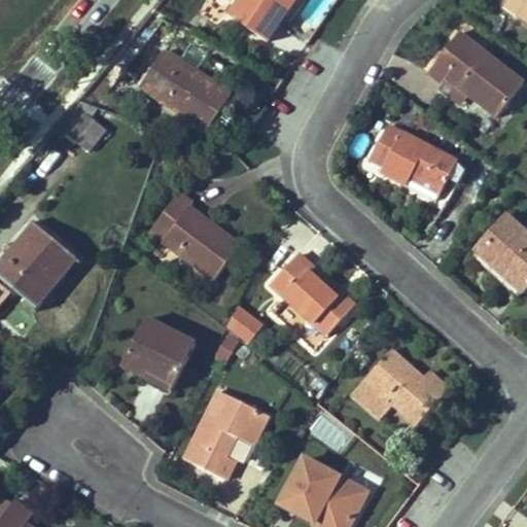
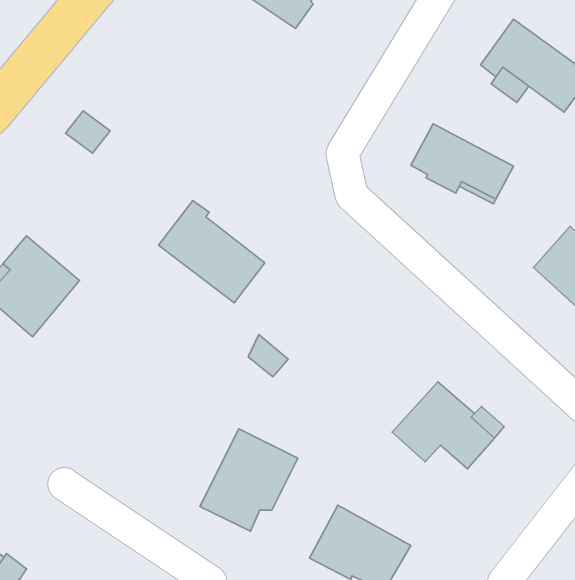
building: [139,48,232,131] -> none
building: [270,253,355,336] -> none
building: [121,317,196,385] -> none

